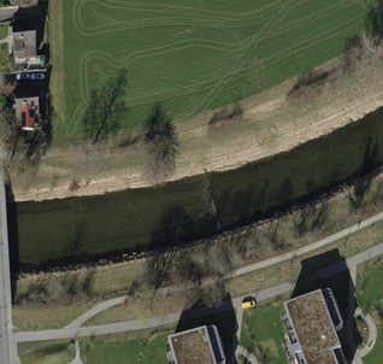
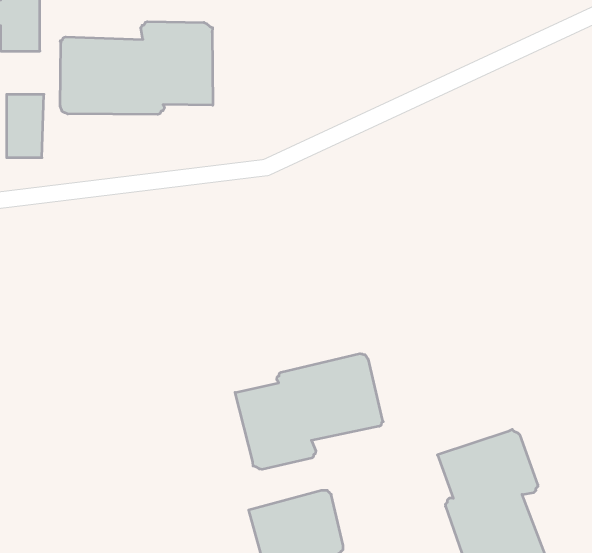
building: none -> [60,22,213,114]
building: none -> [235,354,383,469]

